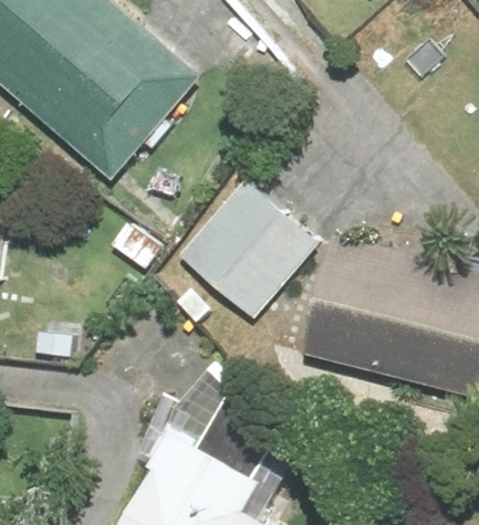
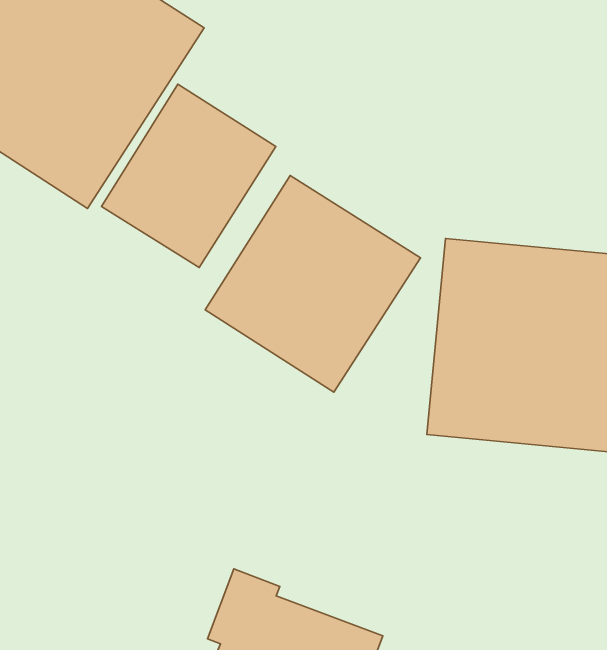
building: none -> [102,84,276,268]

